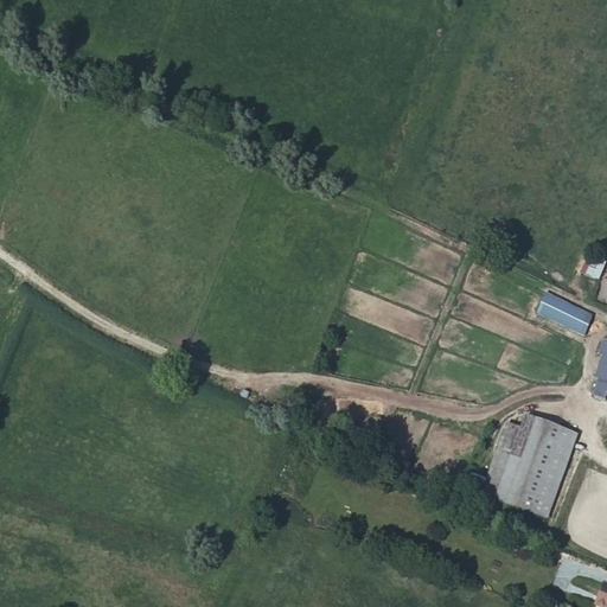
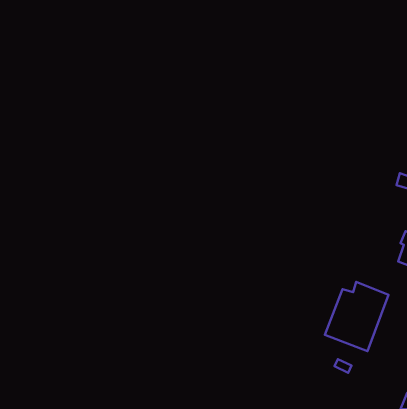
building: [538,293,594,333] -> none

